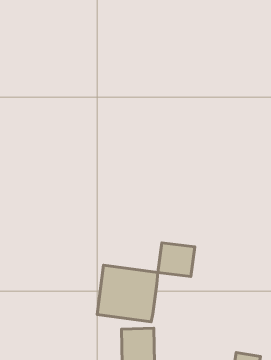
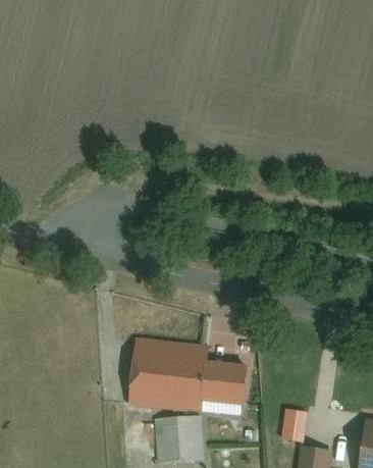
building: [158,243,195,277] -> [200,362,247,405]
building: none -> [280,409,310,444]

